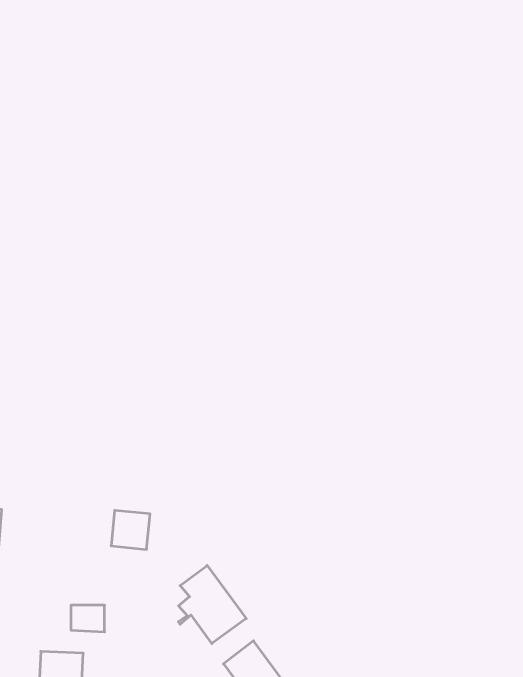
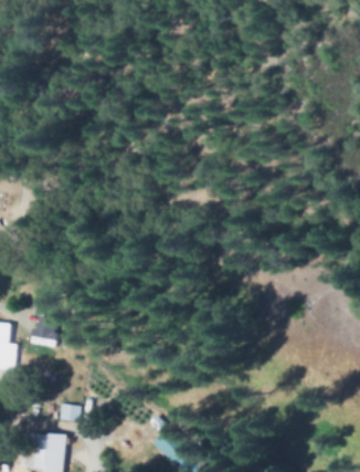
building: [111,510,150,549] -> [33,318,57,343]
building: [178,565,246,644] -> none

